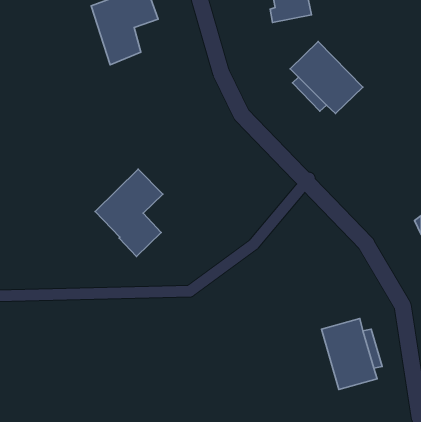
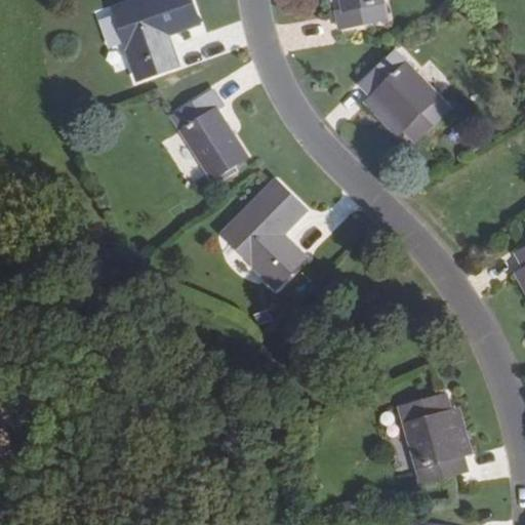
building: none -> [171,89,247,178]
building: [95,169,163,256] -> [221,180,306,288]

